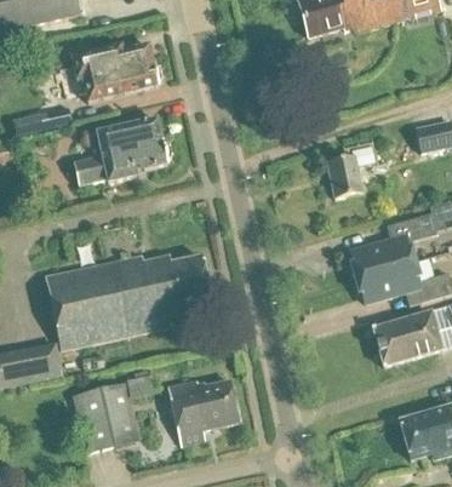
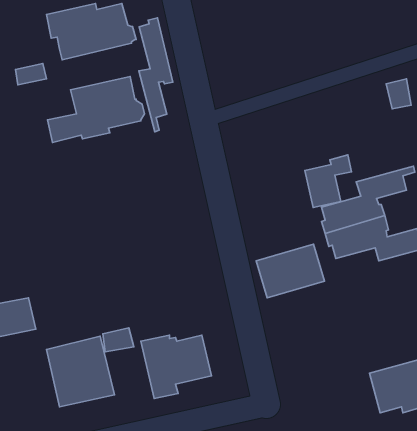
building: none -> [139,18,173,132]
building: [326,145,373,199] -> [305,155,351,208]
building: [45,256,212,349] -> none
building: [372,311,441,366] -> [256,244,324,298]

